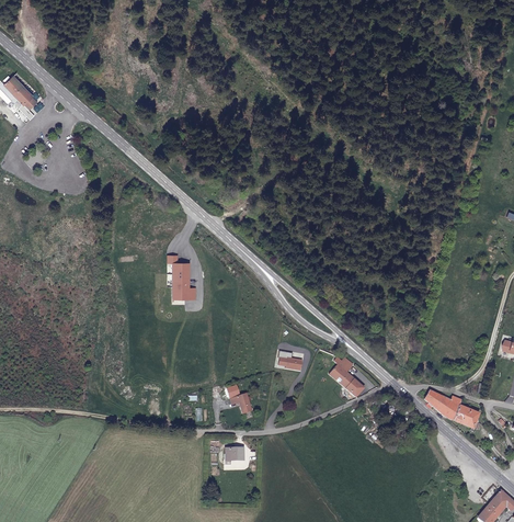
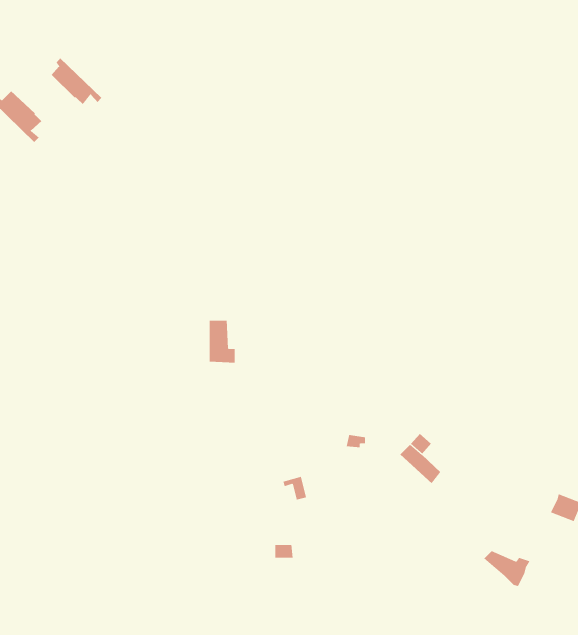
building: none -> [51,57,102,105]
building: [424,390,462,420] -> [484,550,531,587]

